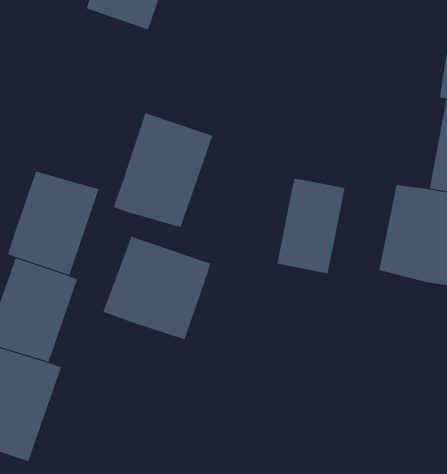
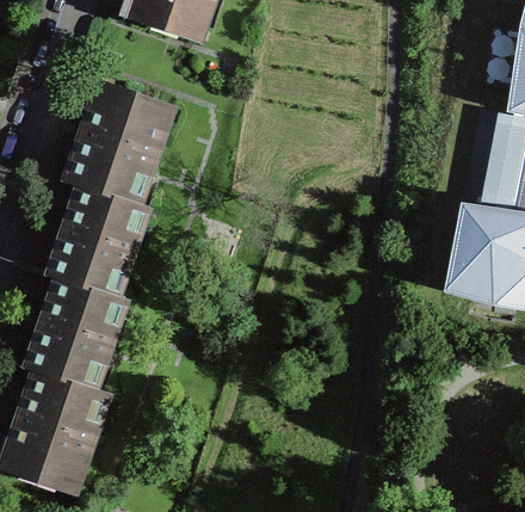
building: [113,113,213,228] -> [68,84,173,204]
building: [277,178,345,274] -> none
building: [103,236,211,340] -> none

